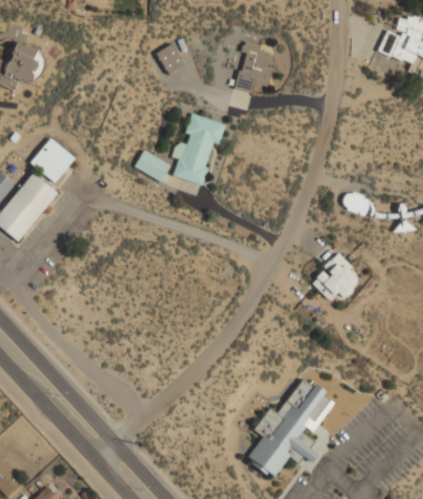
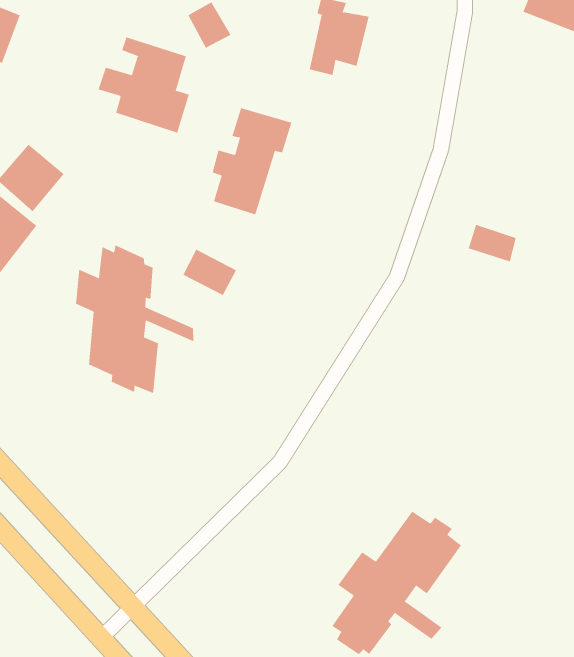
building: none -> [98,36,189,134]
building: [134,149,170,180] -> [182,249,237,296]
building: none -> [76,245,194,394]
building: [311,252,362,299] -> none

